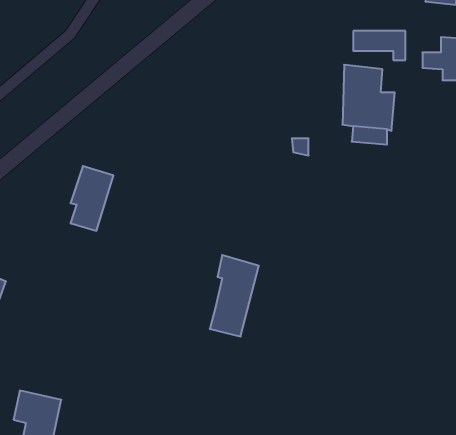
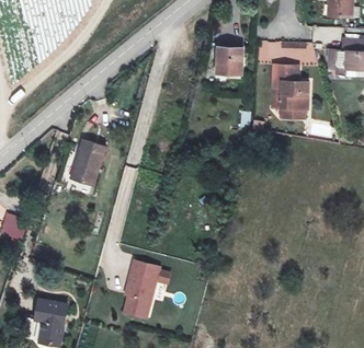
building: none -> [209,54,238,81]
building: [210,255,259,337] -> [124,258,159,316]

